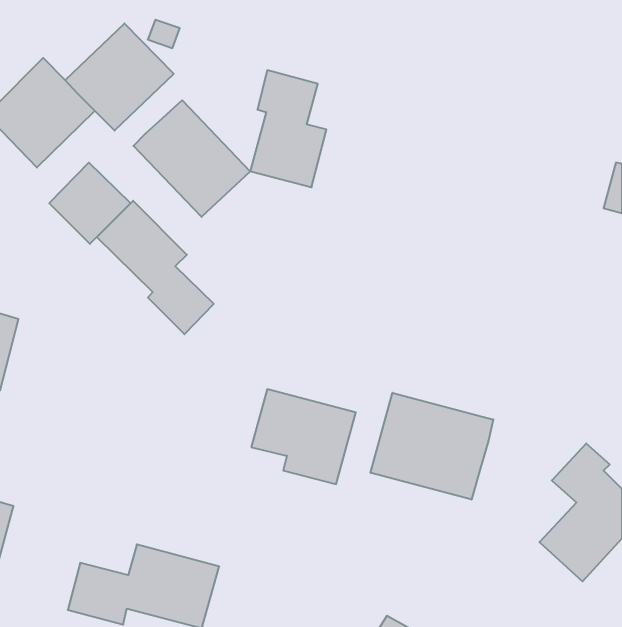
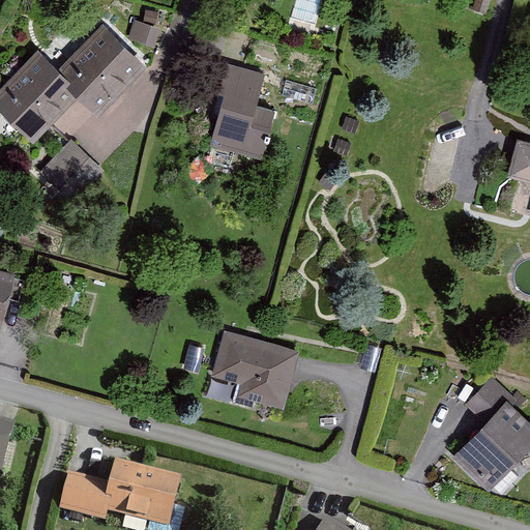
building: [133,100,250,217] -> none
building: [97,201,214,334] -> none
building: [371,393,493,500] -> none

